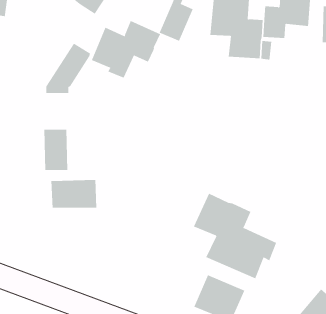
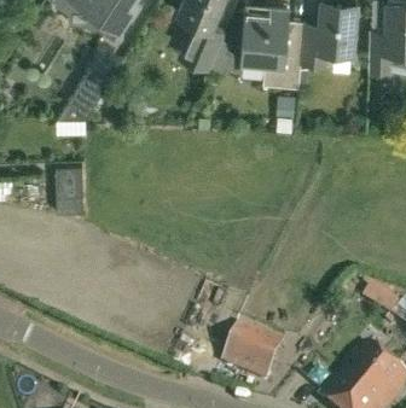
building: [91,20,161,78] -> none
building: [51,179,97,208] -> none
building: [193,193,277,279] -> none

